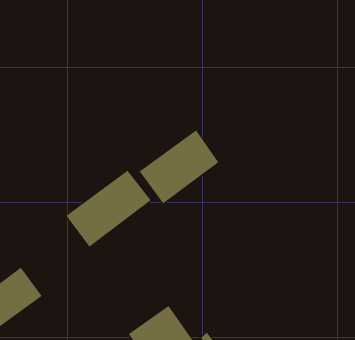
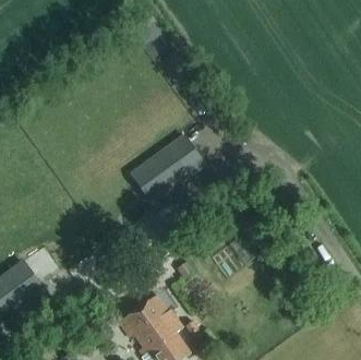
building: [66,170,152,247] -> none

